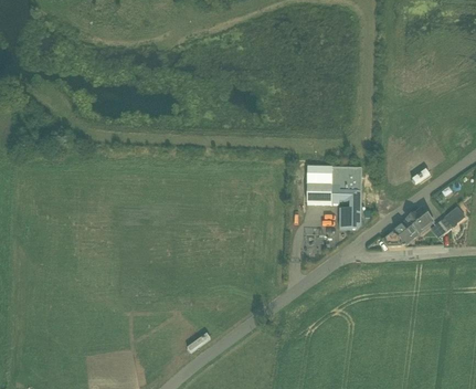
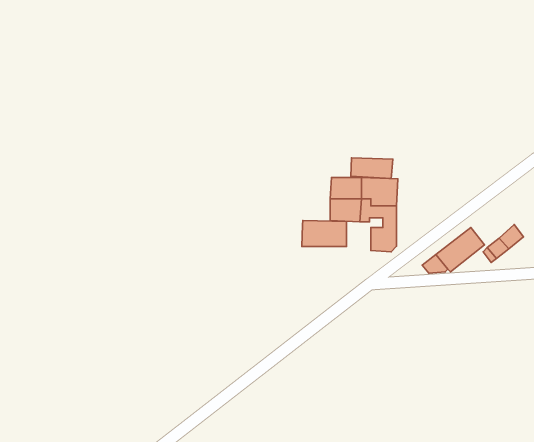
building: none -> [351,158,393,178]
building: none -> [302,220,346,246]

